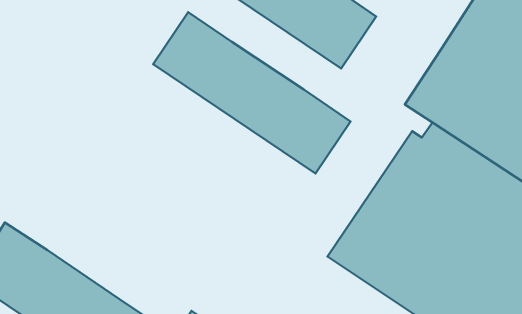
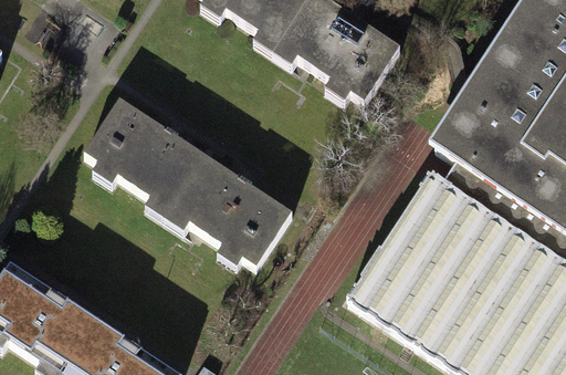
building: [153,12,351,174] -> [85,98,291,267]

